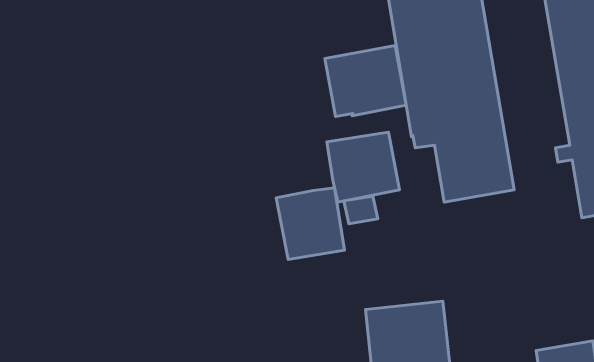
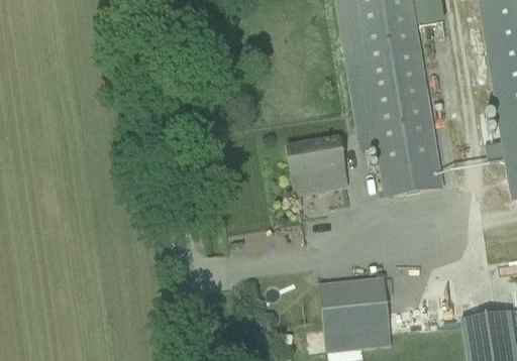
building: [325,45,406,117] -> none
building: [276,188,345,259] -> none

